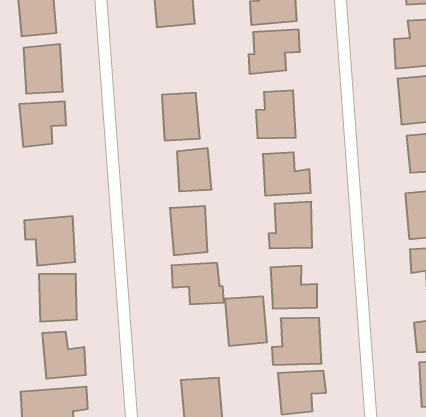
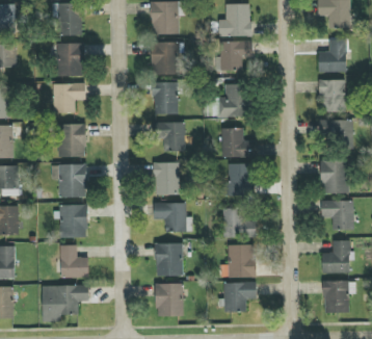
building: none -> [150,42,179,75]
building: none -> [57,124,85,157]
building: [225,297,267,346] -> [155,243,183,277]

